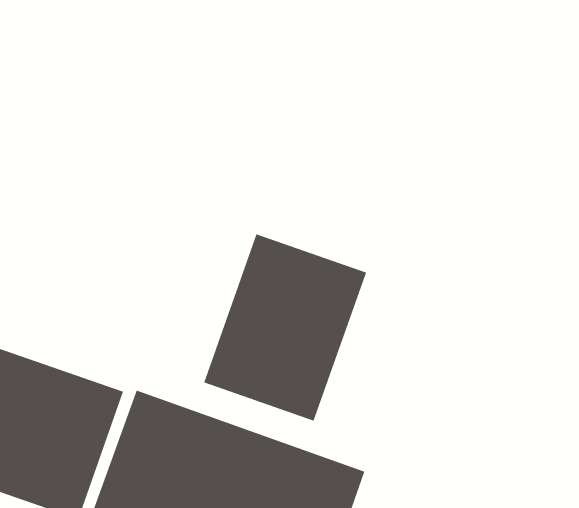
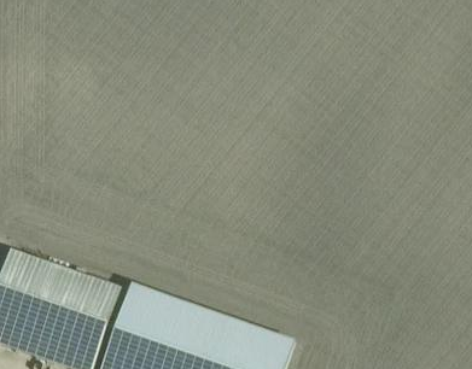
building: [203,234,367,422] -> none

